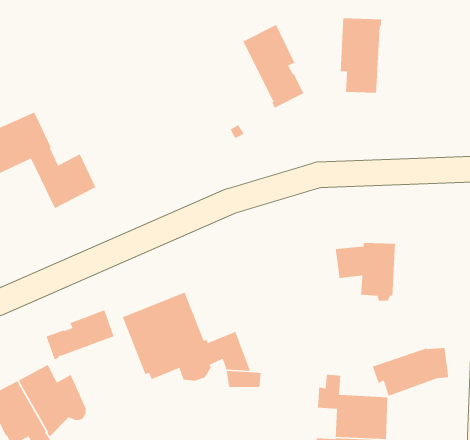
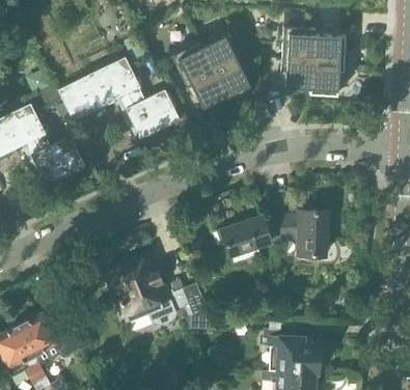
building: none -> [310,34,346,96]
building: none -> [171,40,226,108]
building: none -> [58,57,176,137]
building: [45,309,115,360] -> none
building: [372,347,449,397] -> [217,216,280,256]

